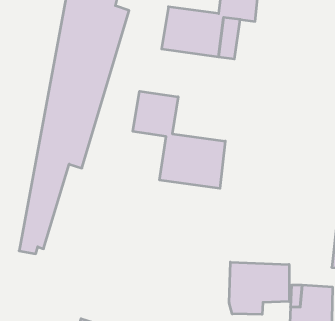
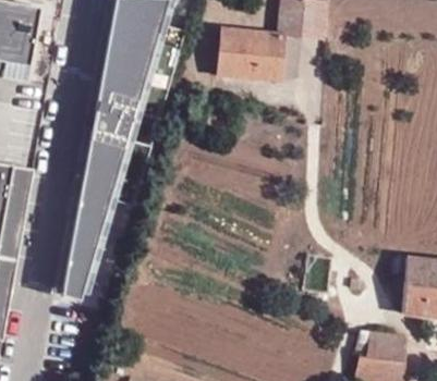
building: [133,91,225,188] -> none
building: [229,262,289,314] -> none

